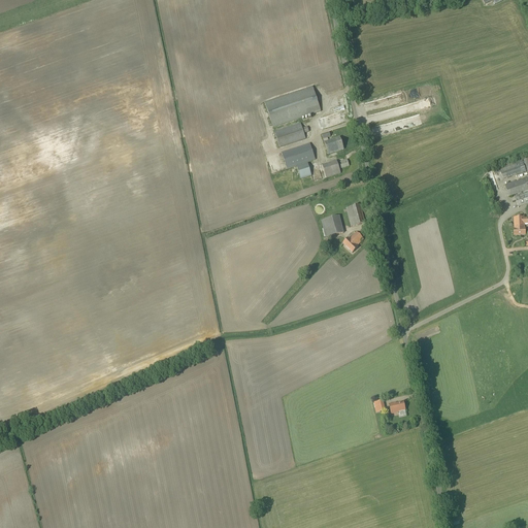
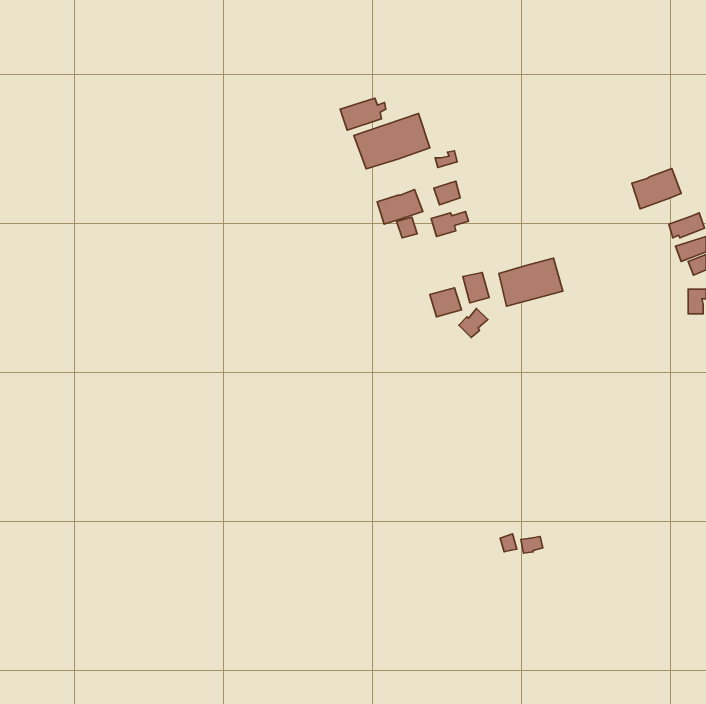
building: [274,122,308,145] -> [340,98,386,130]
building: none -> [632,169,681,209]
building: none -> [499,258,563,306]

